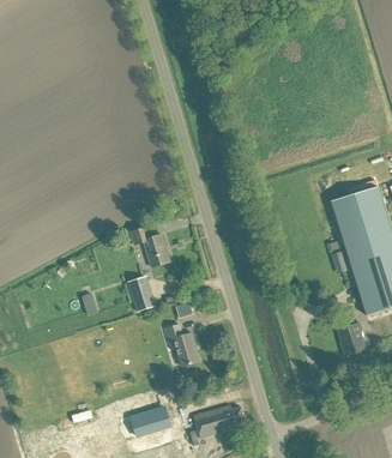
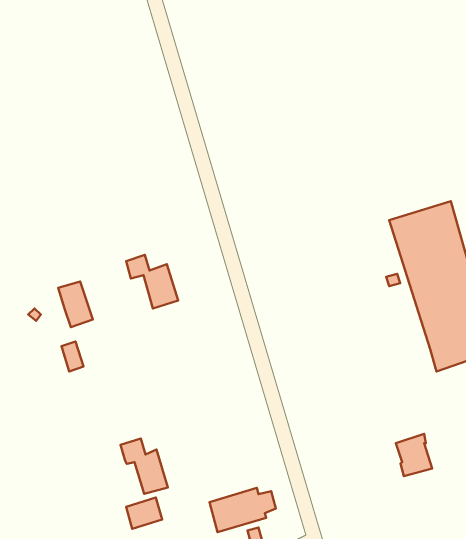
building: [127,277,153,312] -> [58,282,93,327]
building: [338,323,366,355] -> [396,434,432,476]
building: [164,324,200,366] -> [120,439,168,494]

